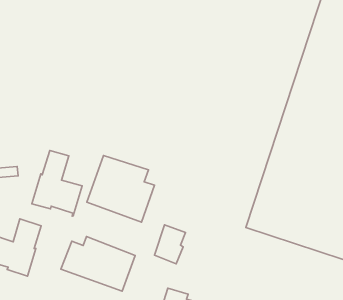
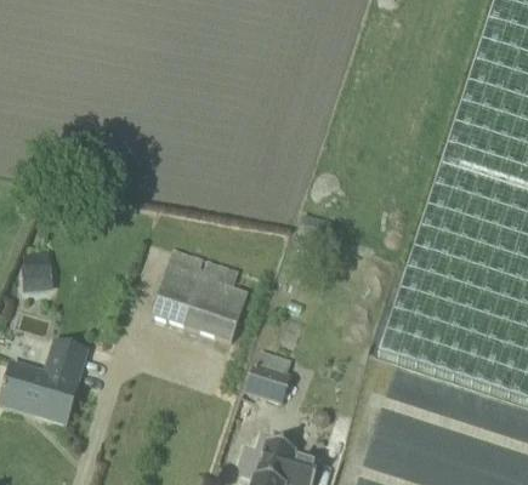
building: [32,151,82,216] -> none
building: [61,236,135,291] -> none

